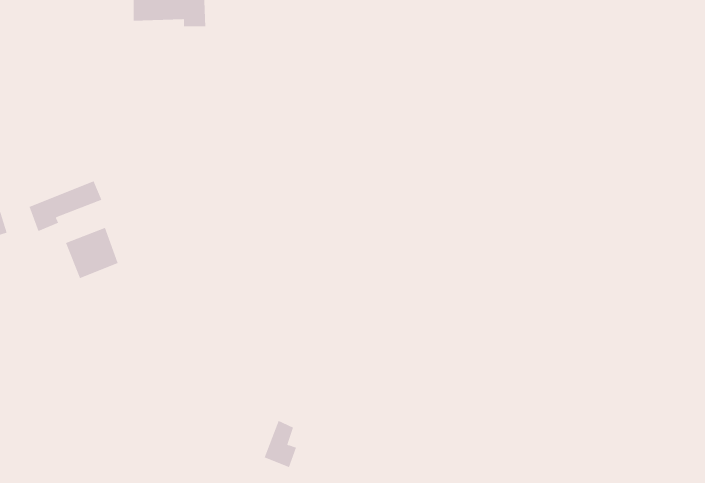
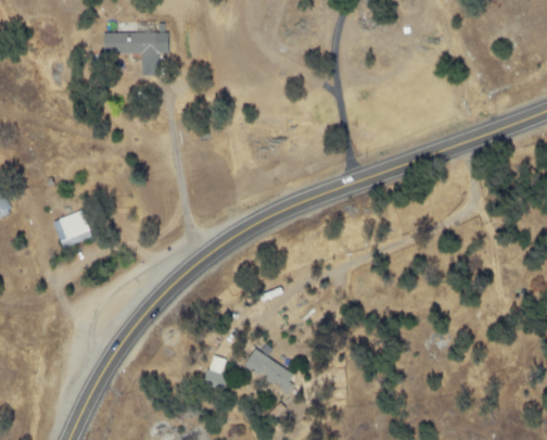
building: [29,180,102,232] -> none
building: none -> [245,350,296,392]

